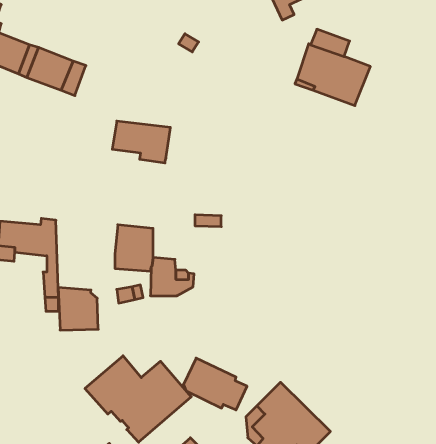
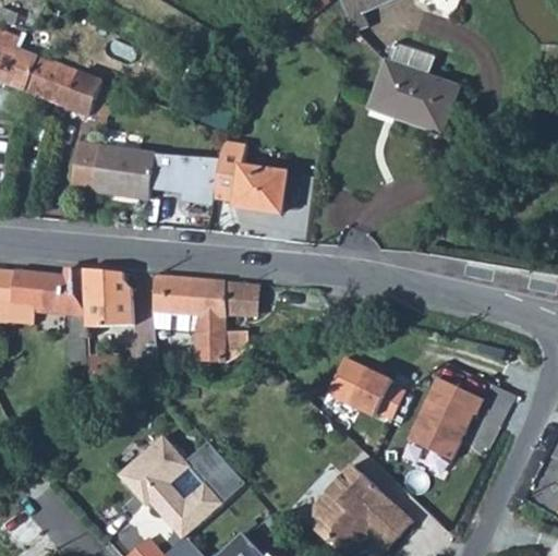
building: none -> [214,142,286,210]
building: none -> [71,143,155,198]
building: none -> [198,280,258,317]
building: [58,287,98,330] -> [87,269,135,321]
building: none -> [407,376,482,459]
building: [183,358,247,410] -> [328,356,404,419]

